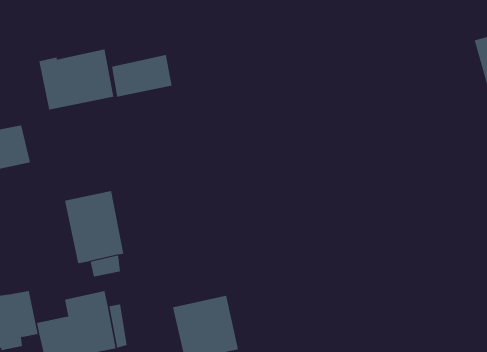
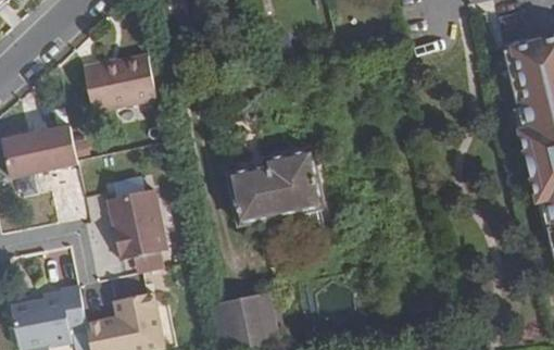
building: [111,54,172,97] -> none
building: none -> [228,149,322,223]

